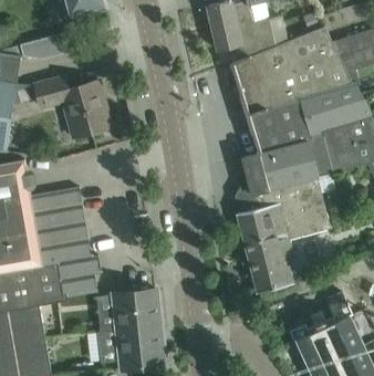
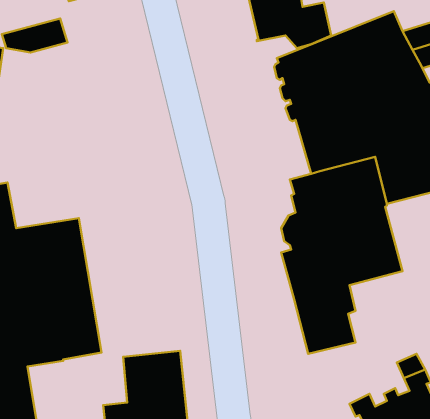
building: [34,76,111,137] -> none

